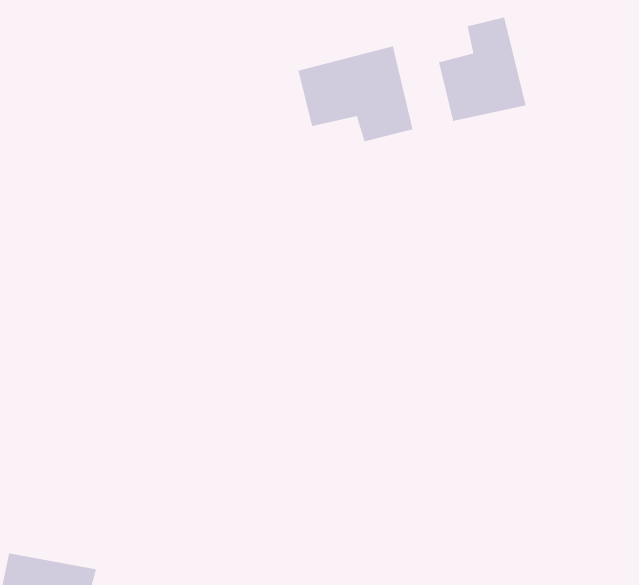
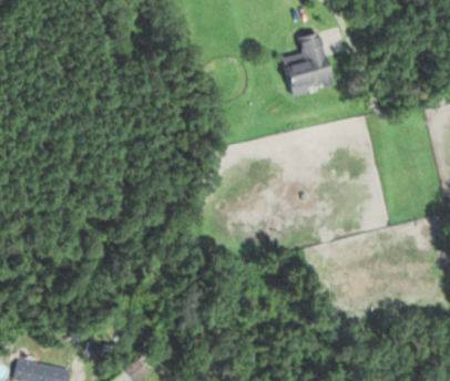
building: [298,46,413,142] -> none

